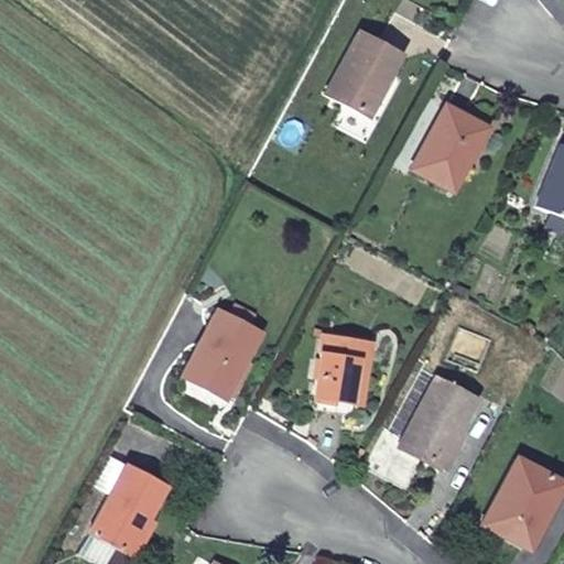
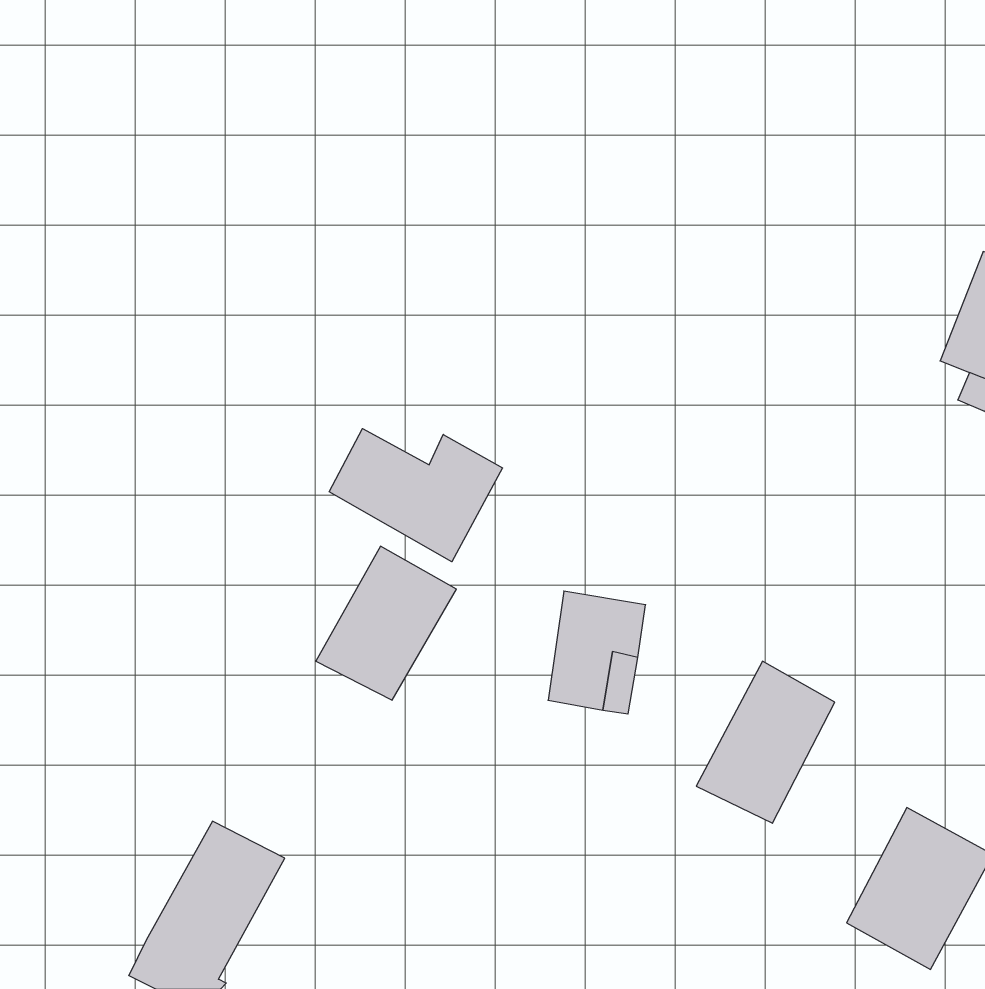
building: [329,31,405,117] -> none
building: [412,102,488,188] -> none
building: none -> [329,429,503,562]

